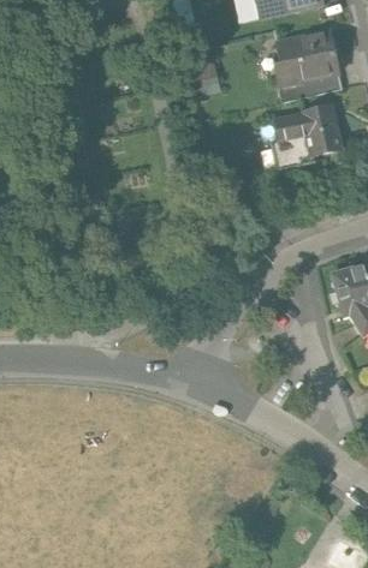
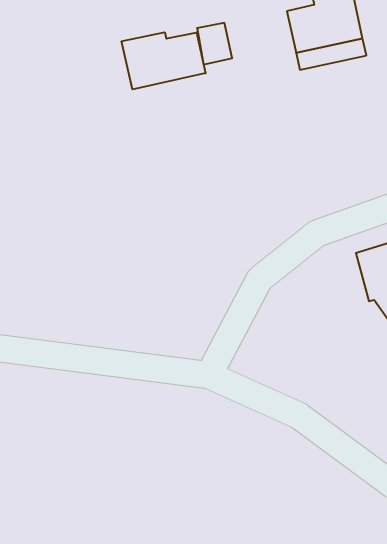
building: none -> [122,32,206,89]
building: [269,104,339,169] -> none

